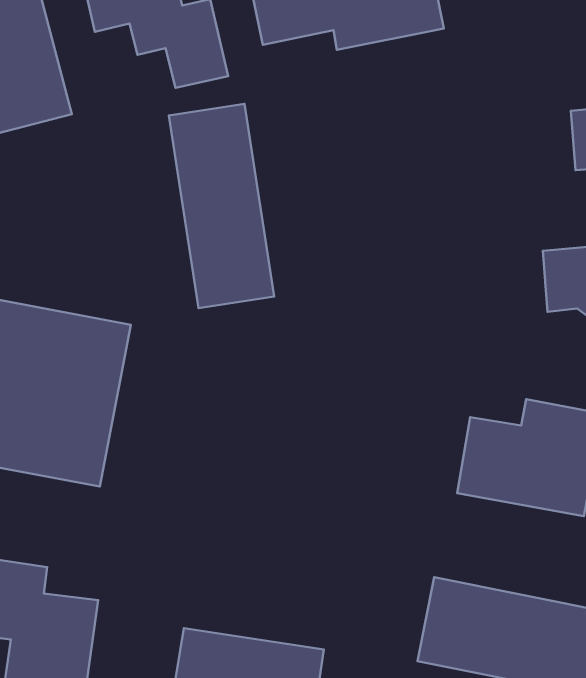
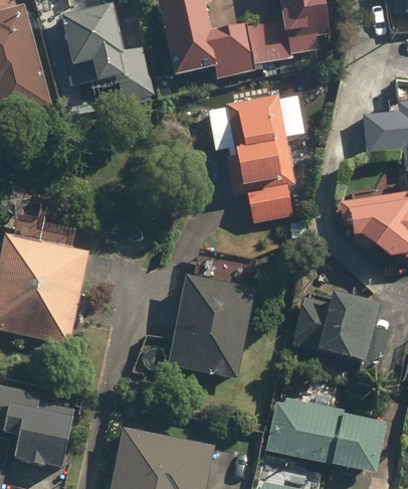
building: [169,104,274,308] -> [228,97,292,221]
building: none -> [168,275,255,376]

